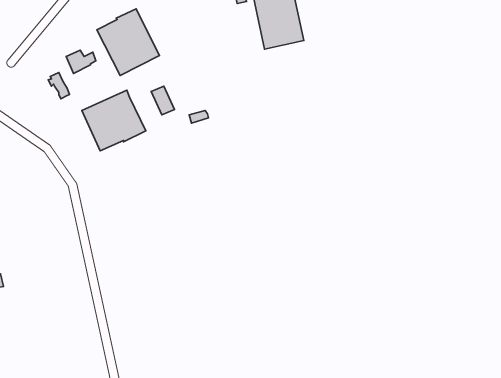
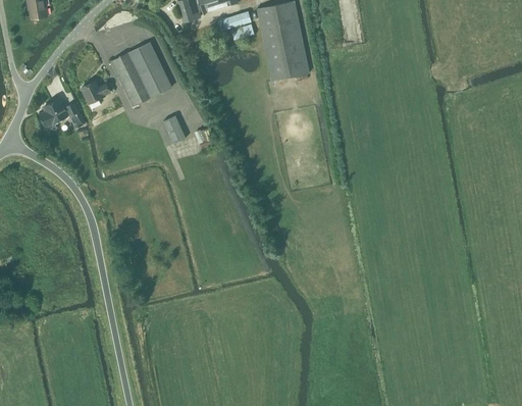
building: none -> [38,99,66,128]
building: [82,90,146,151] -> none

